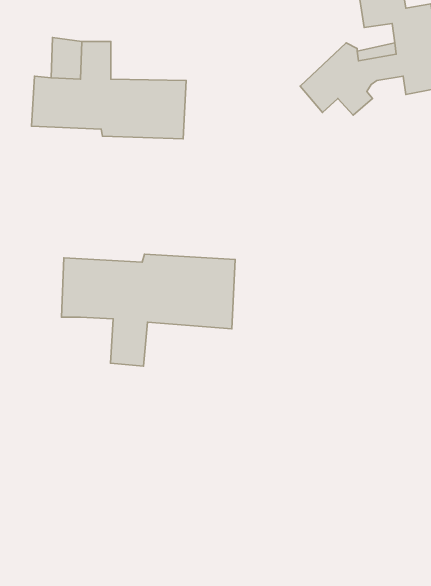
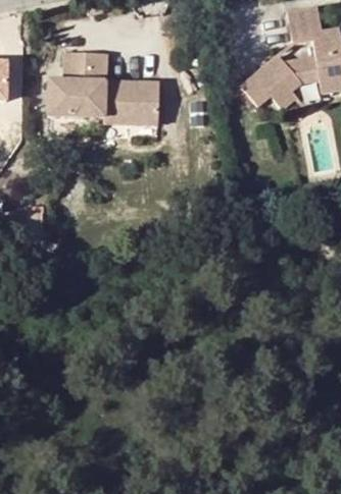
building: [61,254,235,366] -> none

